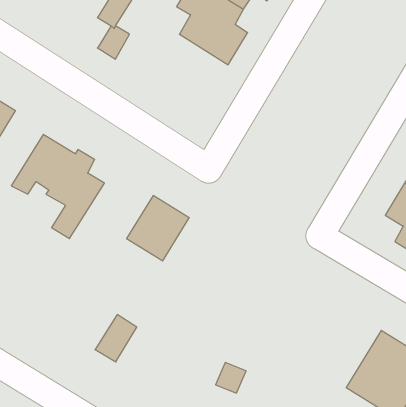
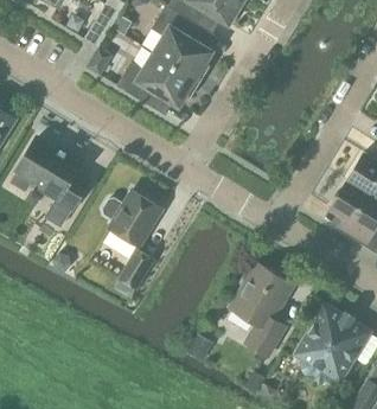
building: none -> [117,53,196,114]
building: none -> [230,263,294,357]
building: [95,315,137,362] -> [117,248,153,288]

